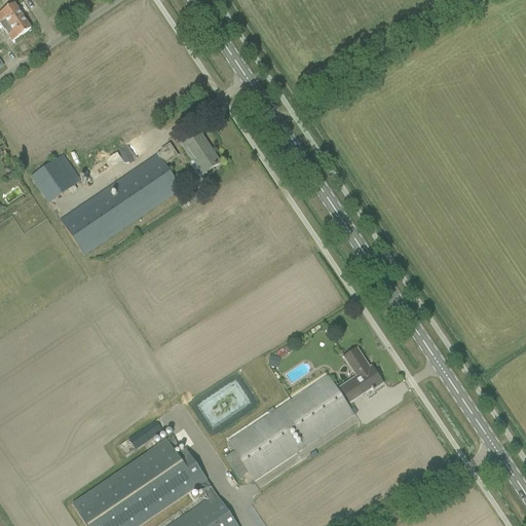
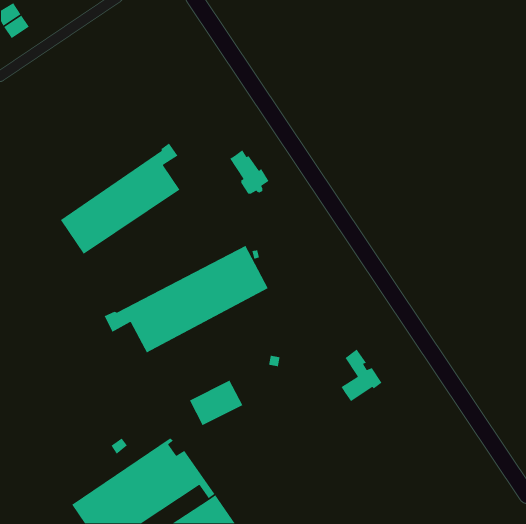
building: [180,129,220,175] -> [229,149,269,194]
building: [31,153,81,202] -> none
building: none -> [104,245,269,354]
building: [225,374,354,480] -> none

